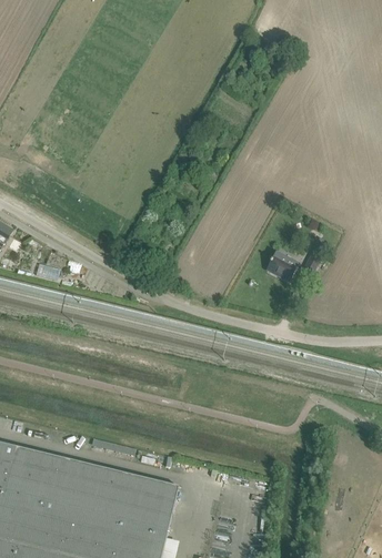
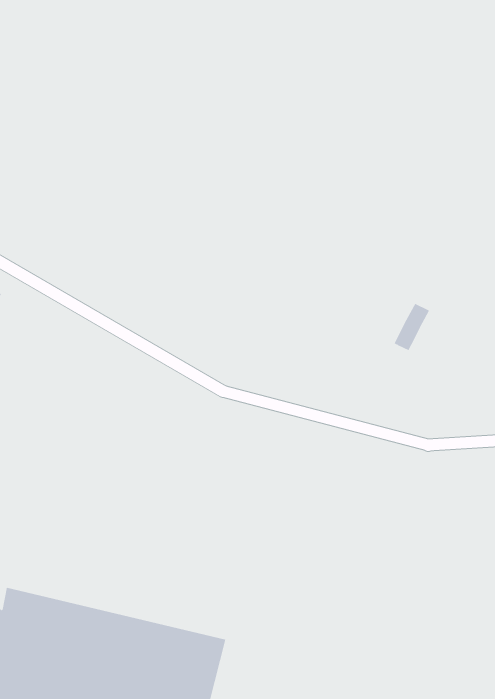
building: [265,252,298,281] -> none

